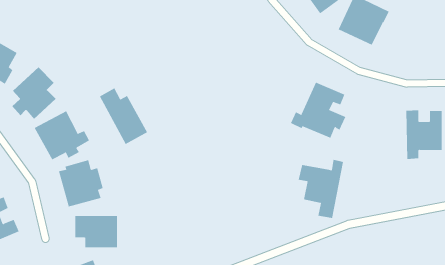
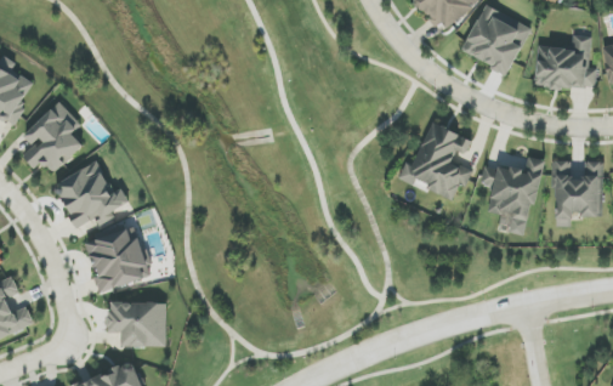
building: none -> [534,34,596,89]
building: [99,88,148,145] -> none
building: [298,159,344,219] -> [479,155,541,235]

